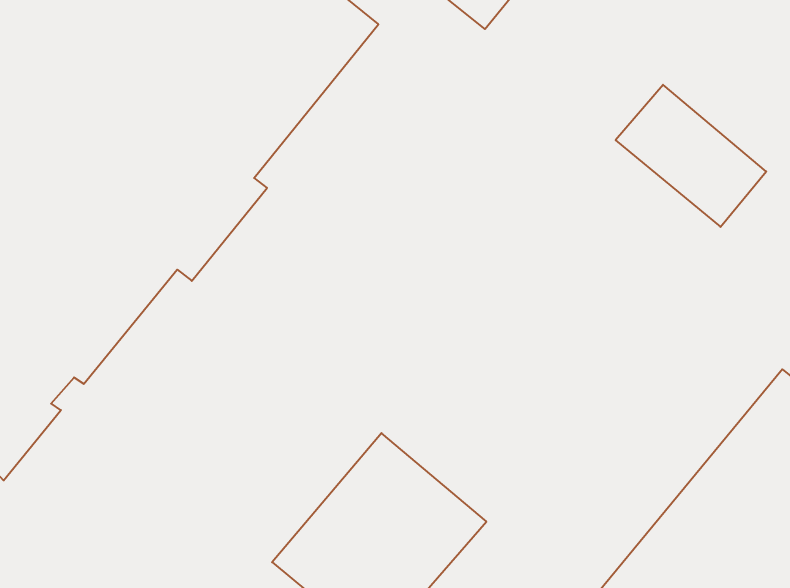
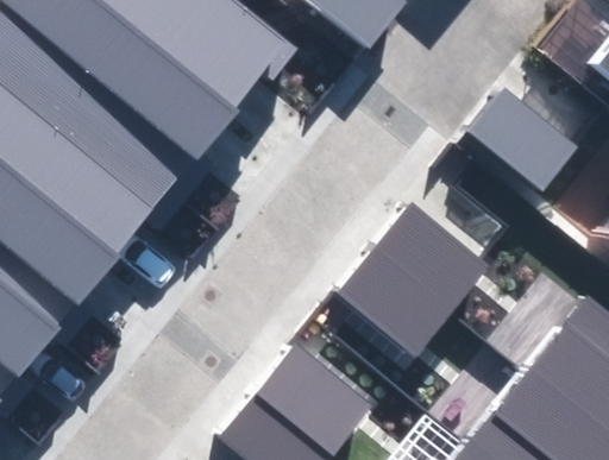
building: none -> [337,203,490,358]

